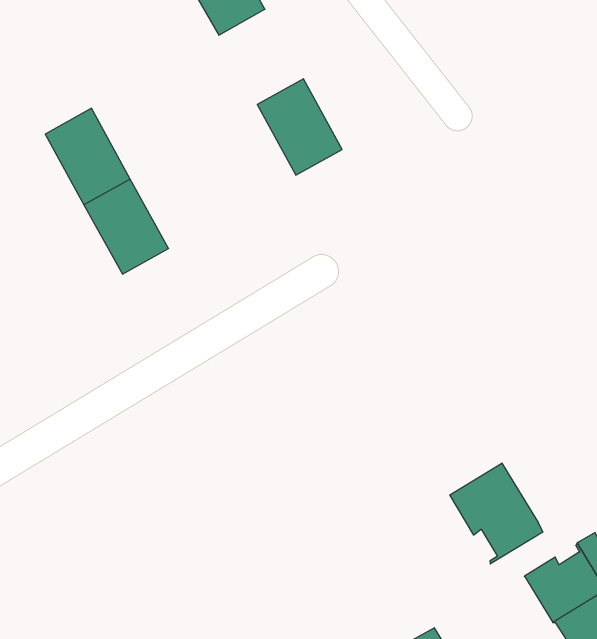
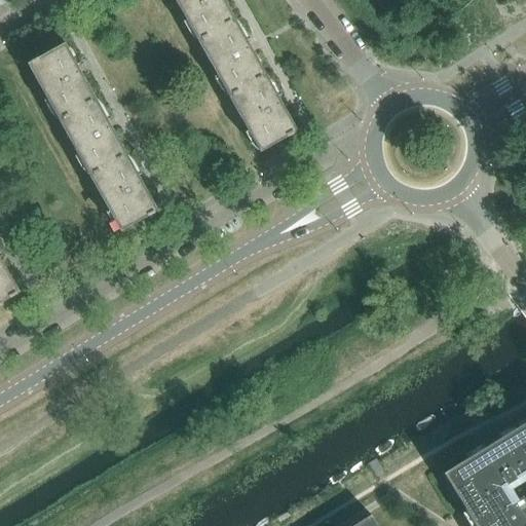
building: none -> [198,20,266,96]
building: none -> [29,43,97,119]
building: [450,463,543,564] -> none

